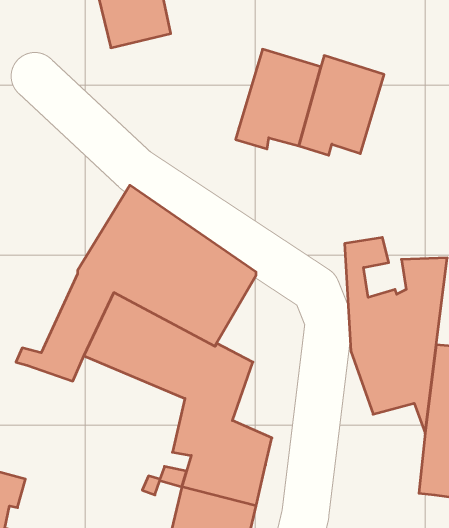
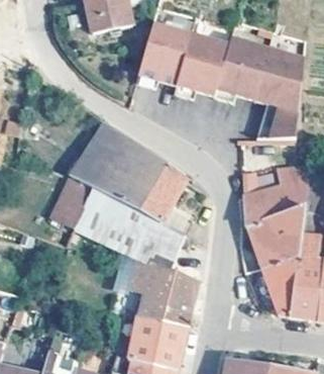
building: none -> [134,21,190,85]
building: none -> [252,49,302,138]
building: none -> [260,259,294,316]

